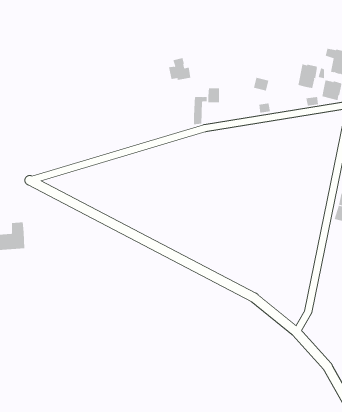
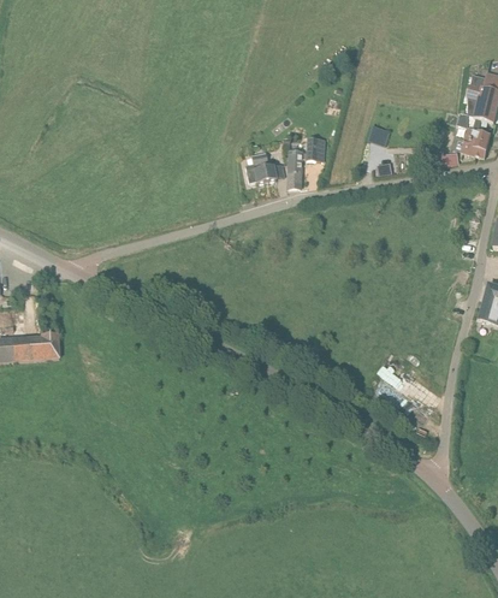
building: [168,57,191,80] -> [244,152,275,183]
building: [298,63,318,89] -> none

